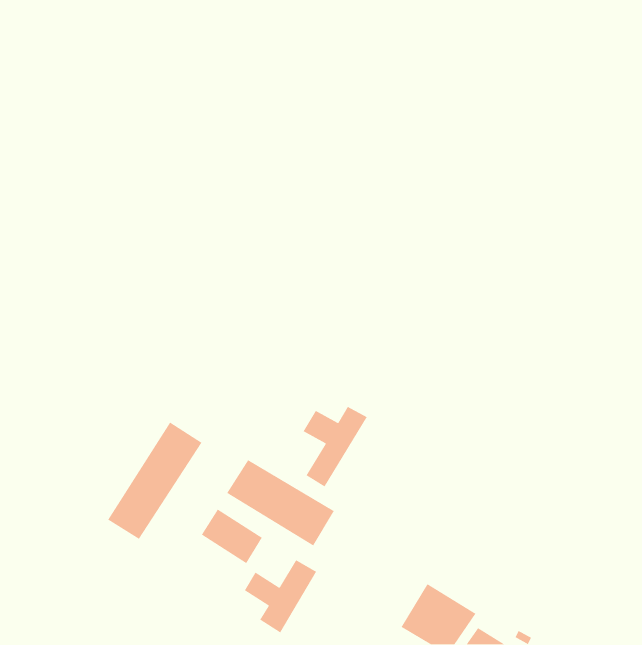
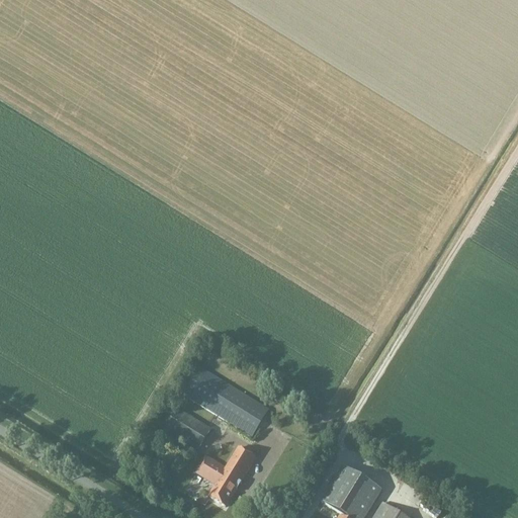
building: [303,406,368,487] -> none
building: [107,422,203,540] -> none

